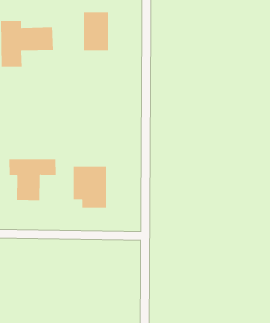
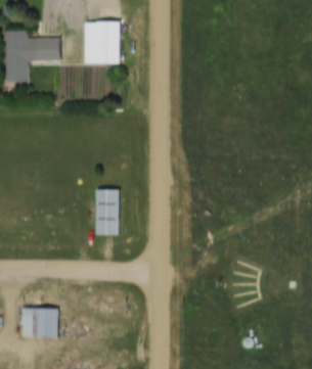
building: [8,159,57,201] -> none
building: none -> [19,309,51,336]

